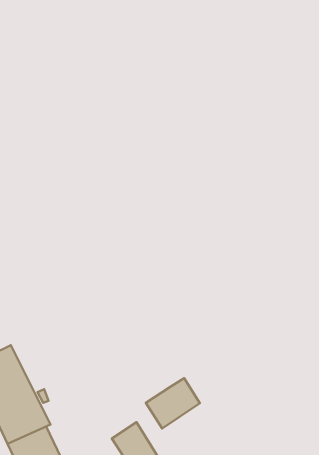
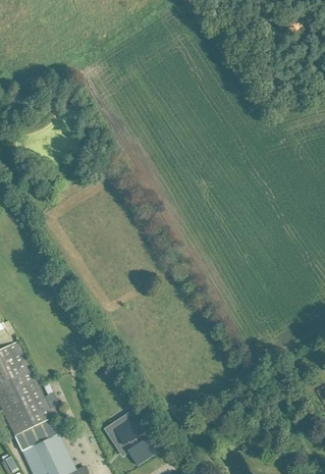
building: [146,378,200,428] -> none

